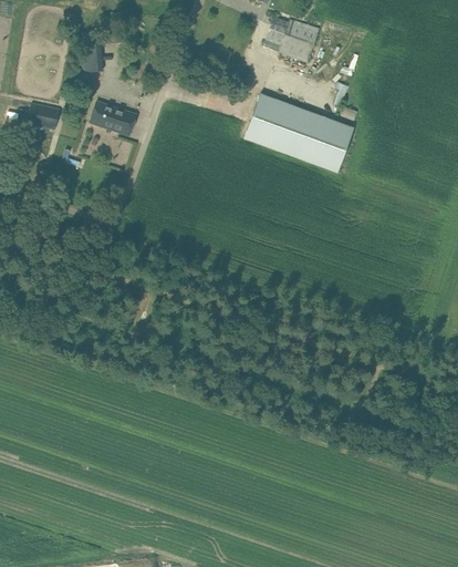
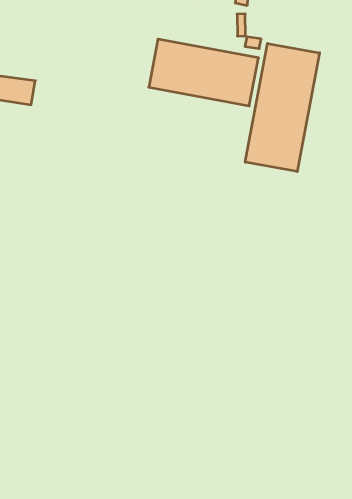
building: none -> [245,43,320,172]

